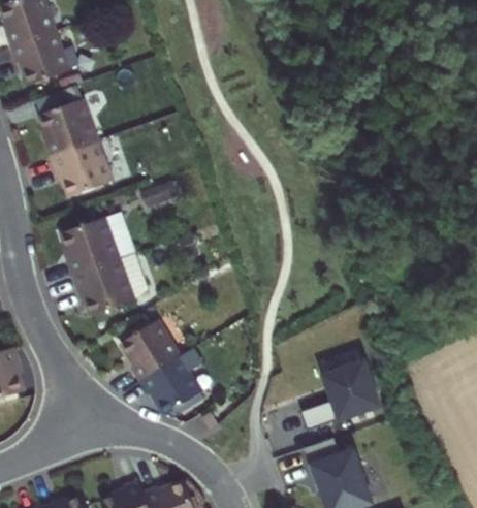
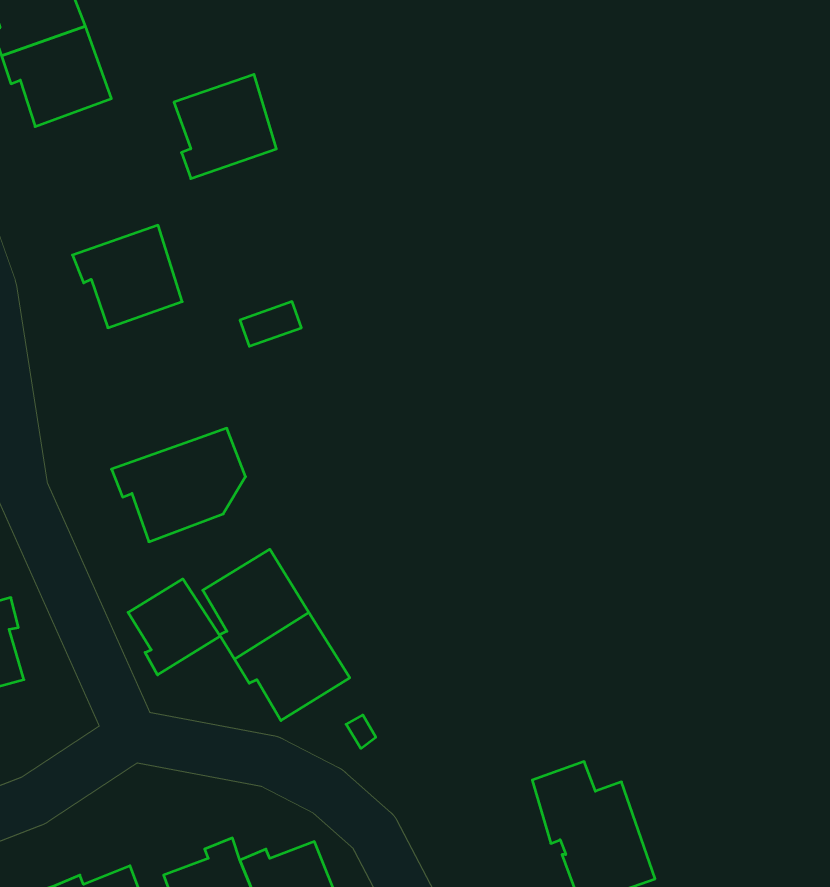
building: [40,98,97,156] -> [174,74,276,179]
building: [62,217,118,275] -> none
building: none -> [128,579,220,675]
building: [300,361,379,430] -> none

